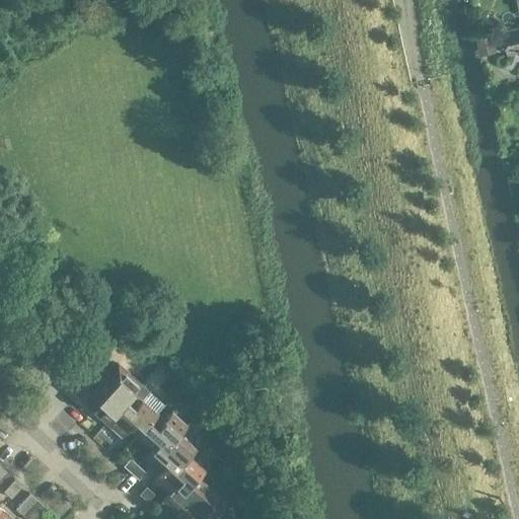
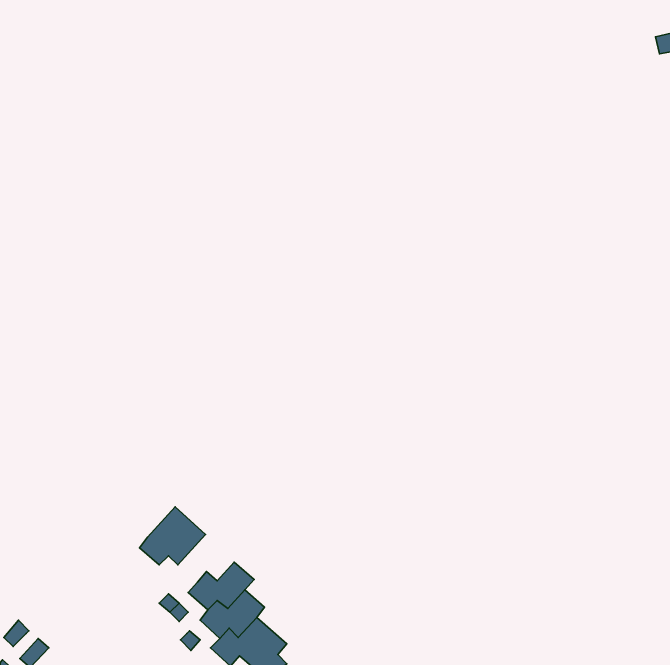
building: [93,369,143,420] -> none
building: [139,417,190,454] -> none

